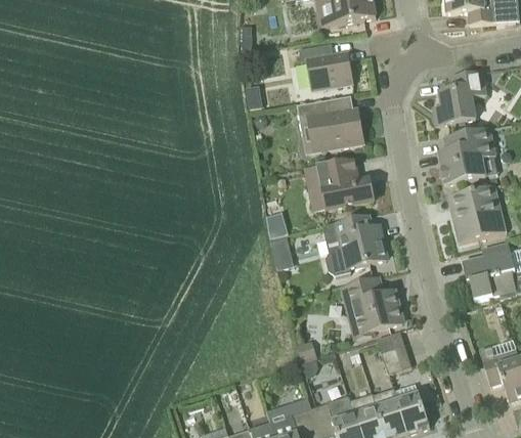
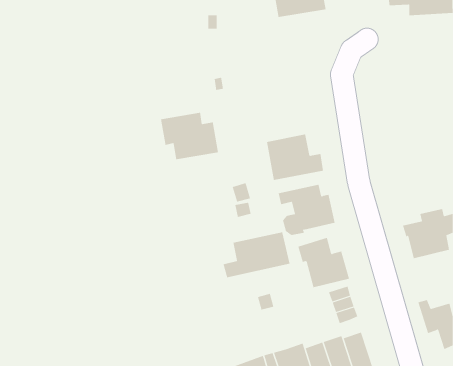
building: [292,44,353,88] -> none
building: [437,71,486,124] -> none
building: [297,96,363,150] -> [160,112,219,160]
building: [439,127,494,183] -> none
building: [452,184,502,242] -> none
building: none -> [223,232,290,278]

